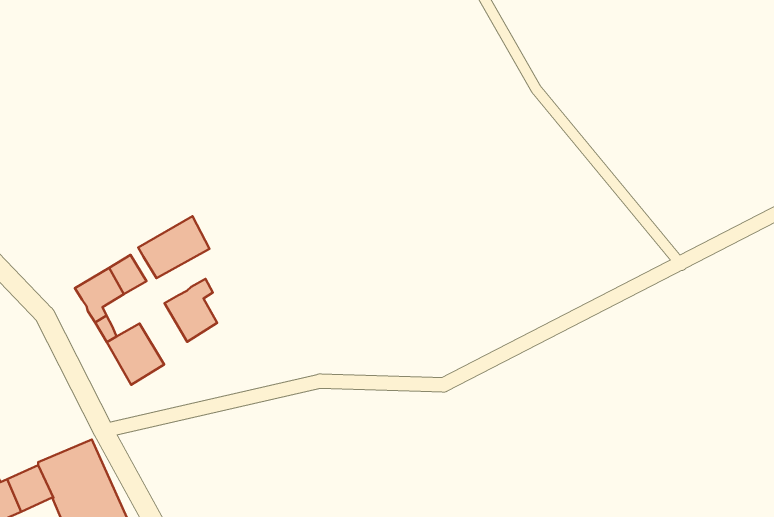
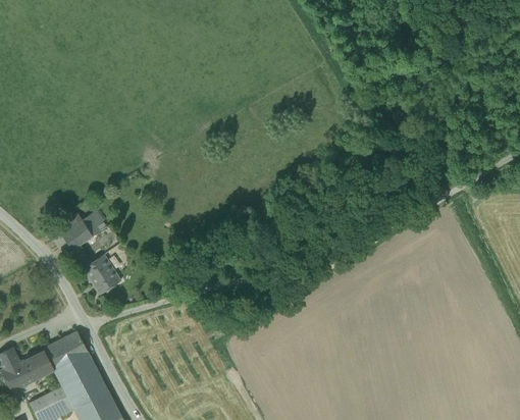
building: [138,216,209,278] -> none
building: [164,279,217,342] -> none

